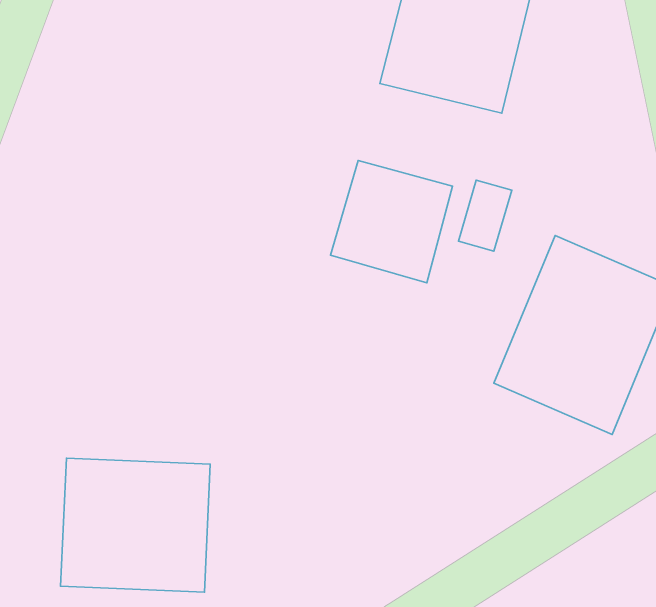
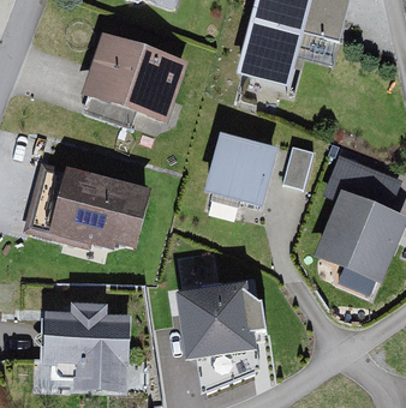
building: none -> [91,44,185,126]
building: none -> [52,167,150,241]
building: none -> [180,289,257,366]

